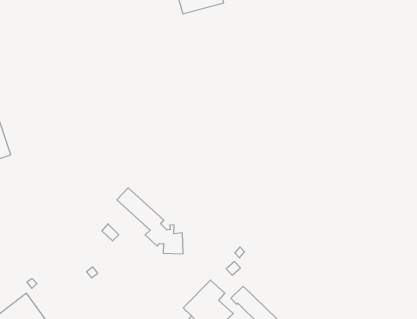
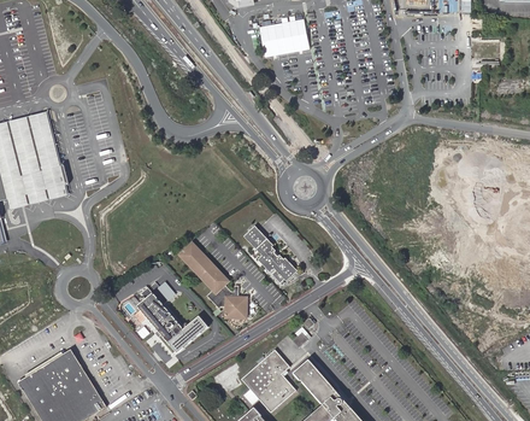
building: none -> [243,224,296,285]
building: none -> [135,286,207,351]

